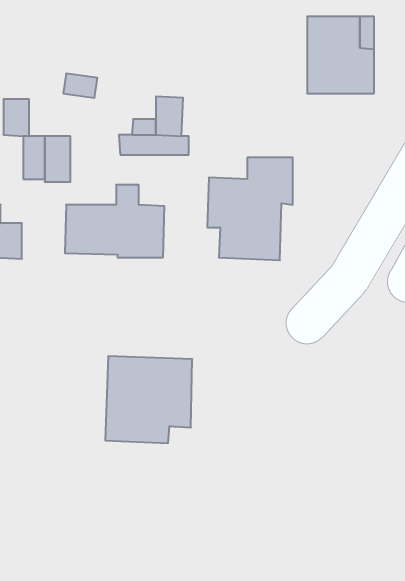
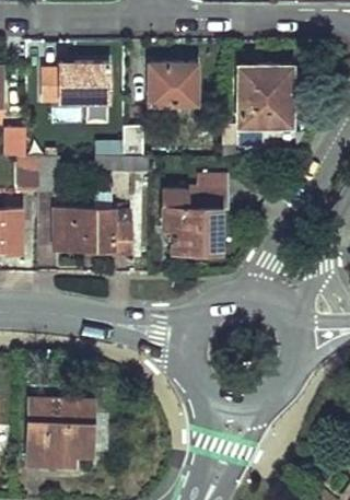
building: none -> [42,62,105,101]
building: none -> [150,63,195,104]
building: [105,356,192,443] -> [25,400,92,467]

